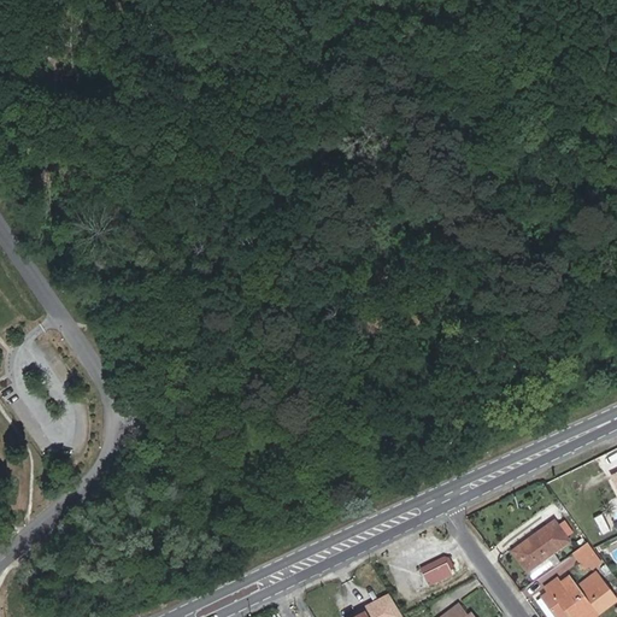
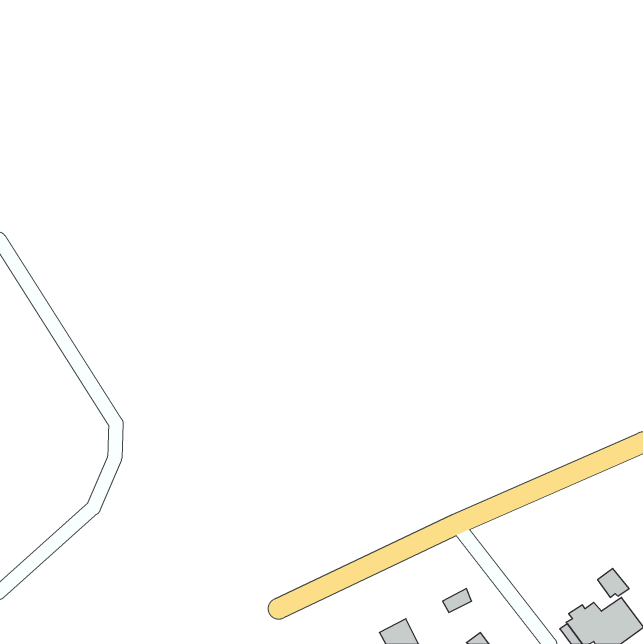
building: [513,522,568,570] -> none

